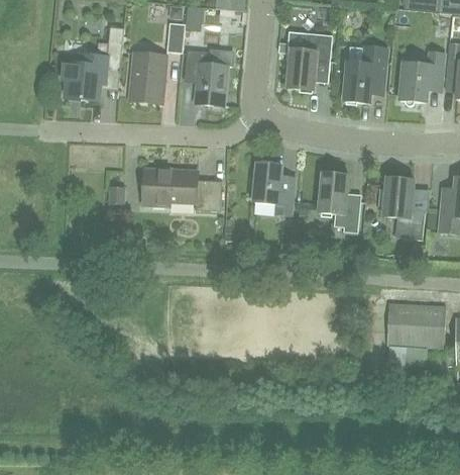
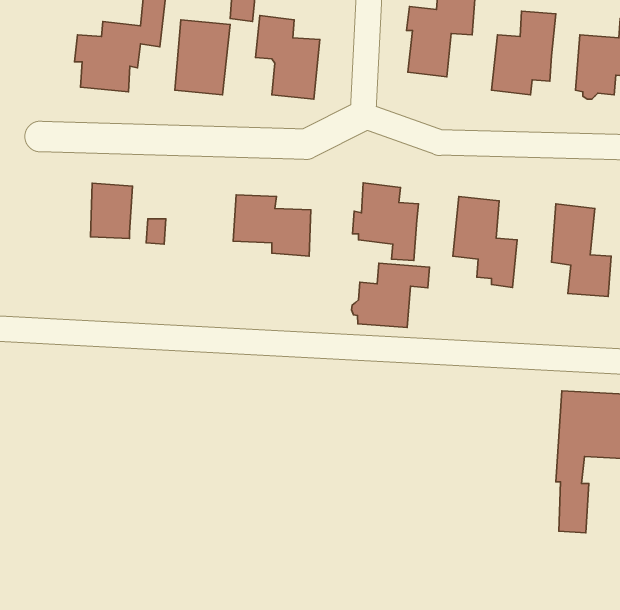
building: [142,168,170,205] -> [91,183,132,238]
building: none -> [352,263,429,327]

